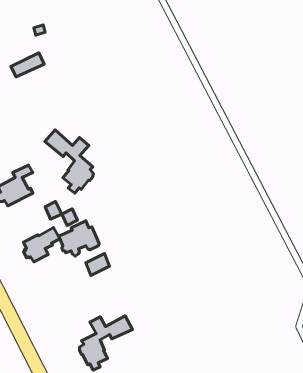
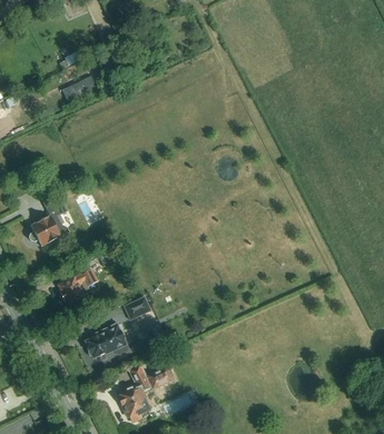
building: [45,130,93,193] -> none
building: [59,221,99,256] -> [85,324,128,362]

